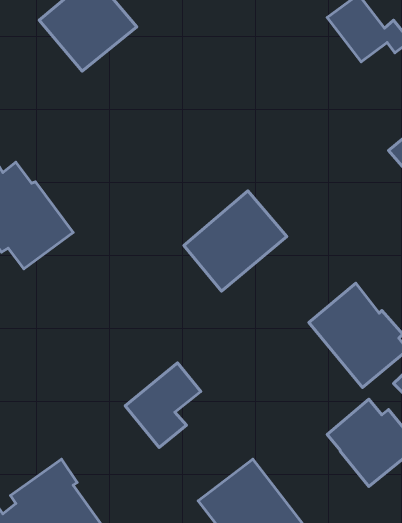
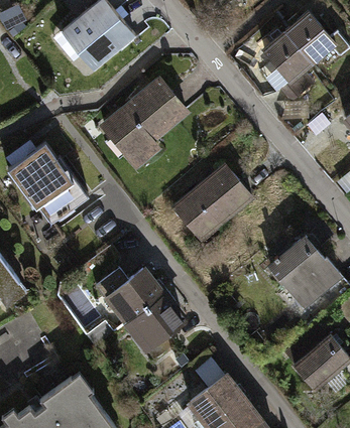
building: none -> [261,29,311,92]
building: none -> [99,75,192,169]
building: none -> [103,266,168,329]

